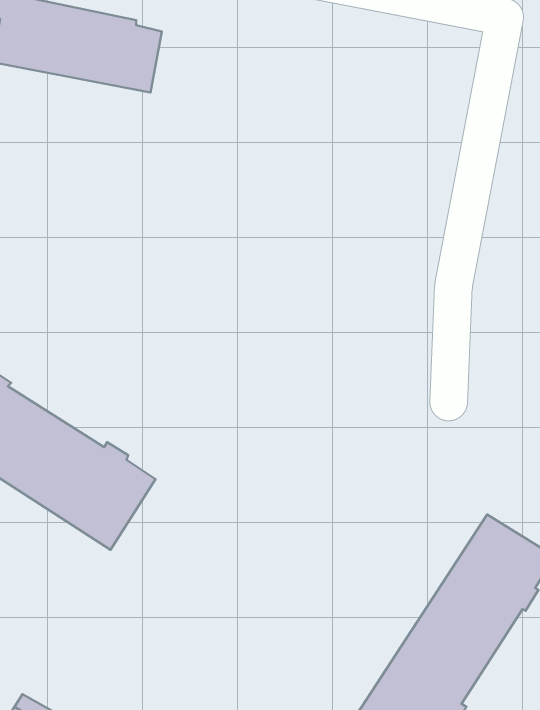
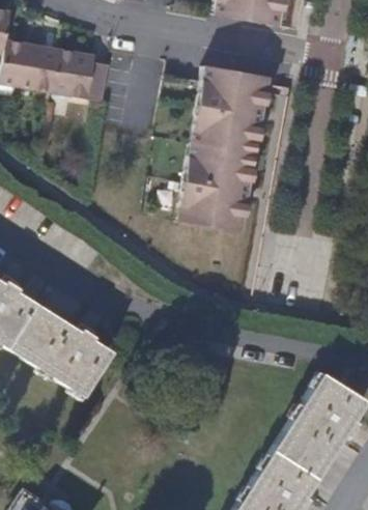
building: none -> [177,62,272,230]

